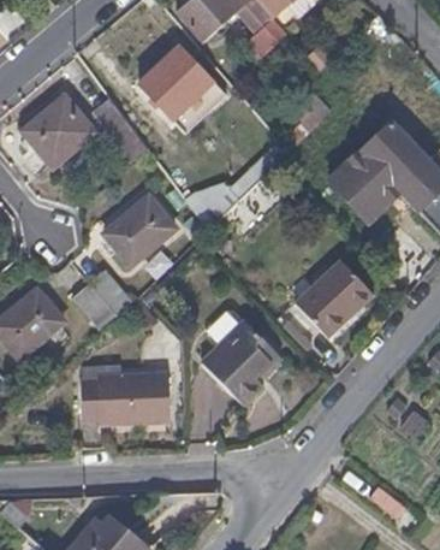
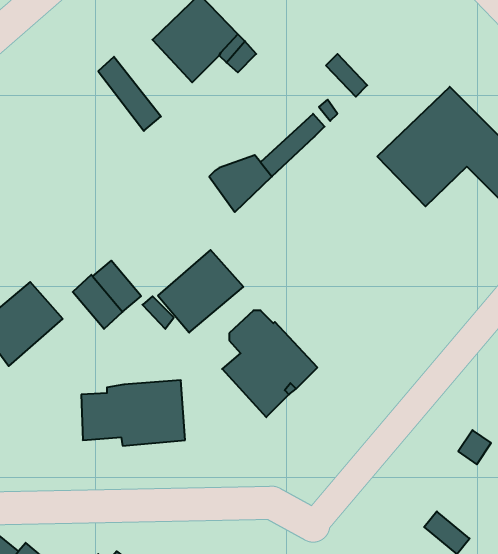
building: [23,94,96,167] -> none
building: [103,195,176,265] -> [158,250,243,333]
building: [293,261,371,341] -> none

